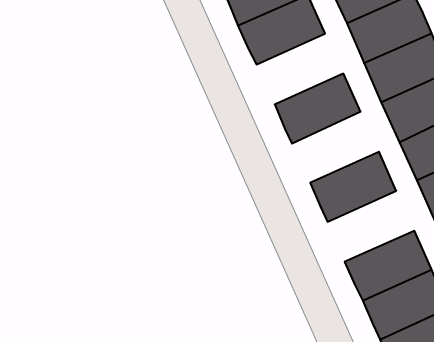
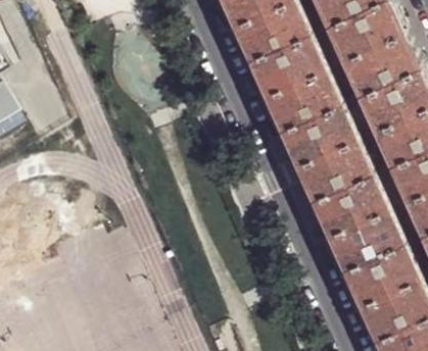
building: none -> [261,66,339,130]
building: none -> [293,136,371,199]
building: none -> [325,206,402,269]

